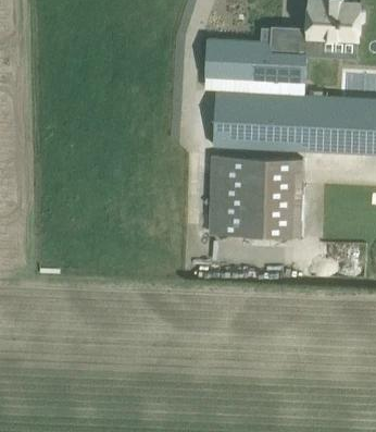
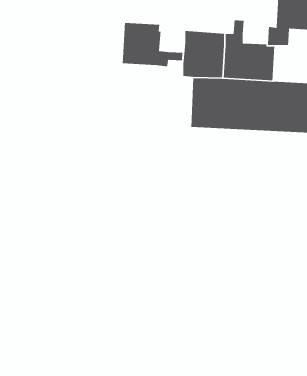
building: none -> [122,22,183,67]
building: [208,158,303,238] -> none

